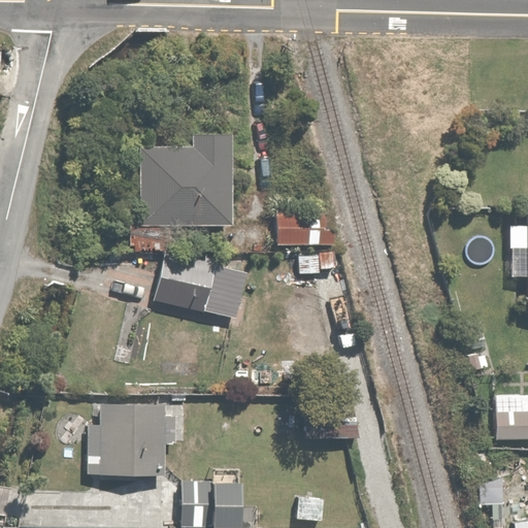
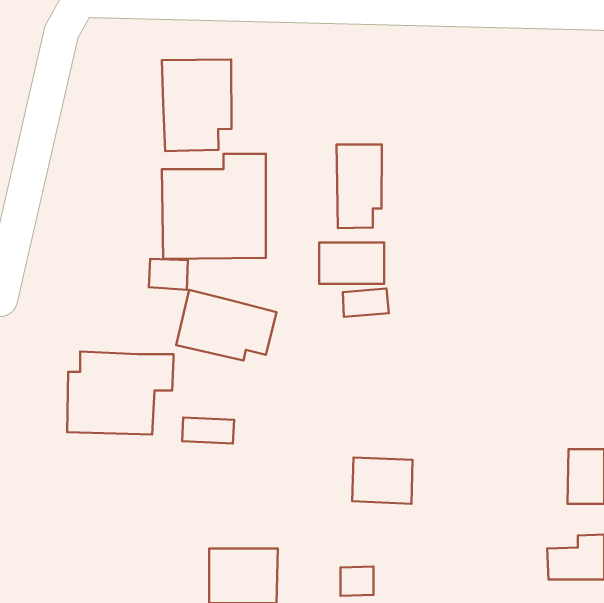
building: none -> [162,59,231,151]
building: none -> [336,145,382,228]
building: [89,405,182,477] -> [67,352,173,434]

